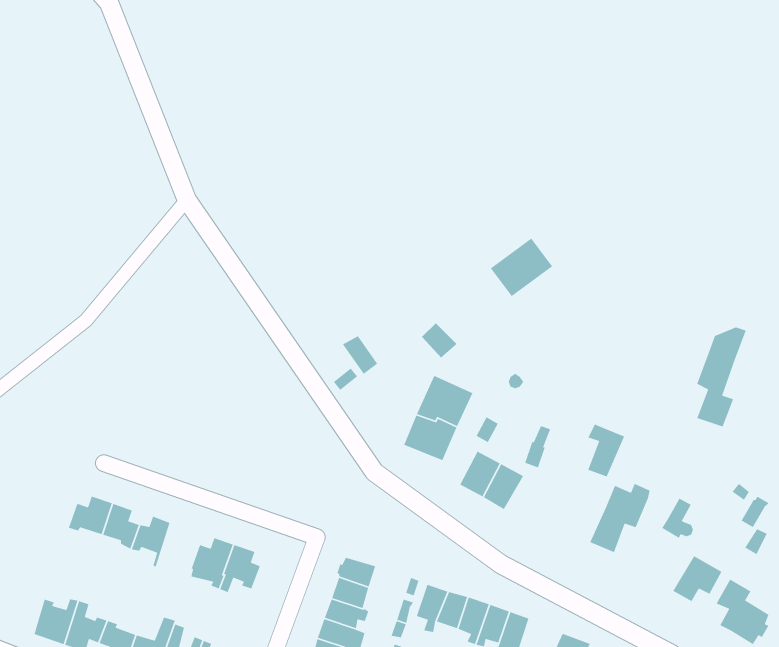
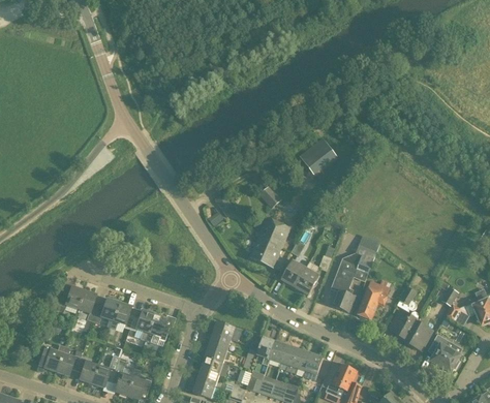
building: [696,327,747,428] -> [333,253,362,311]
building: none -> [109,302,133,330]
building: none -> [388,309,417,341]

